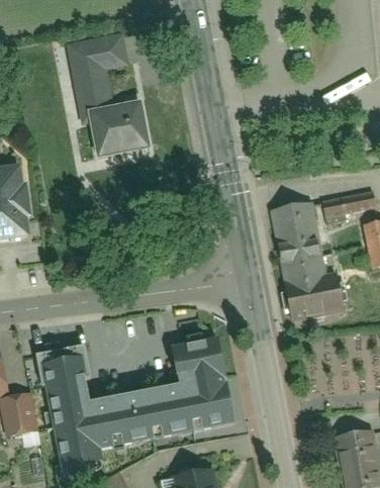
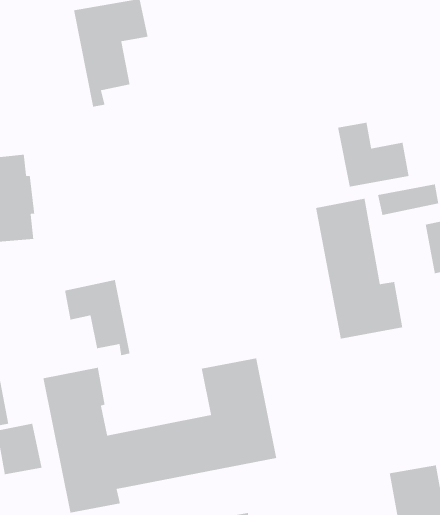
building: [89,98,153,157] -> none
building: none -> [337,122,410,188]
building: none -> [64,279,130,356]

